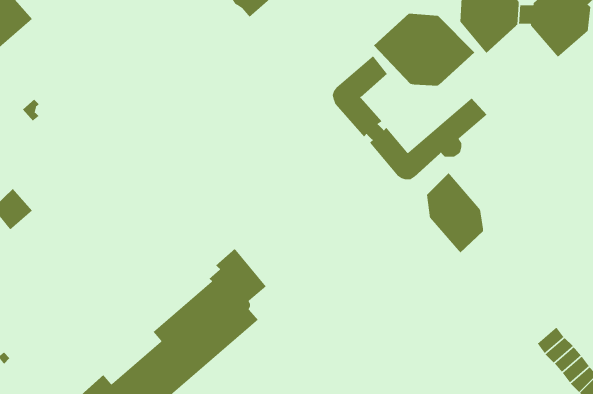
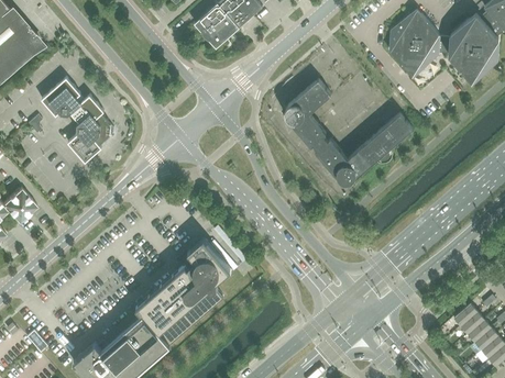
building: [373,13,475,87] -> none
building: none -> [41,77,113,162]
building: [426,172,484,253] -> none

